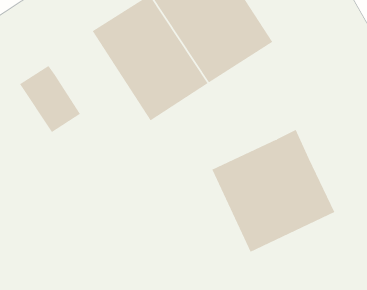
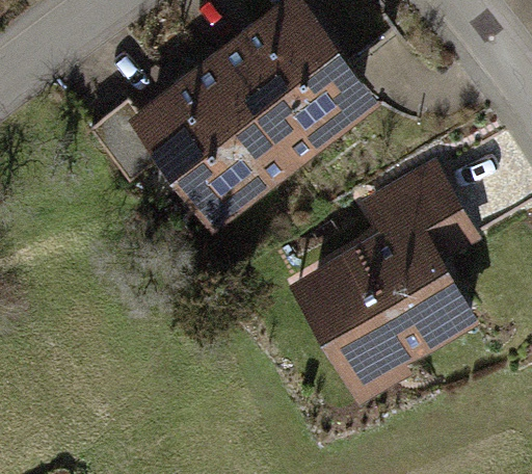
building: [19,65,81,133] -> [95,97,177,184]
building: none -> [371,168,467,254]

